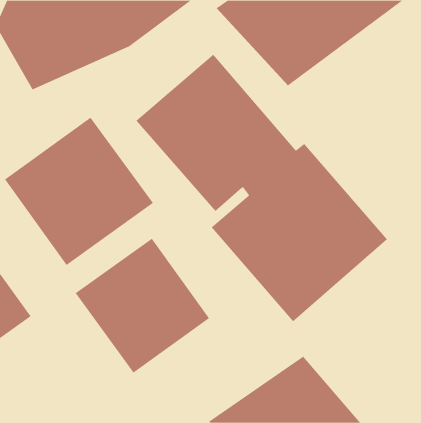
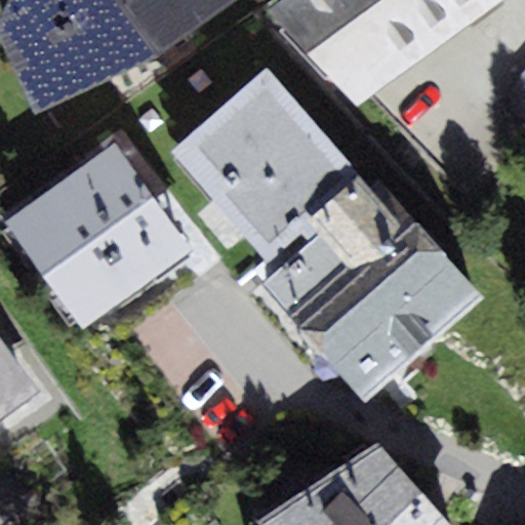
building: [75,238,210,374] -> none

